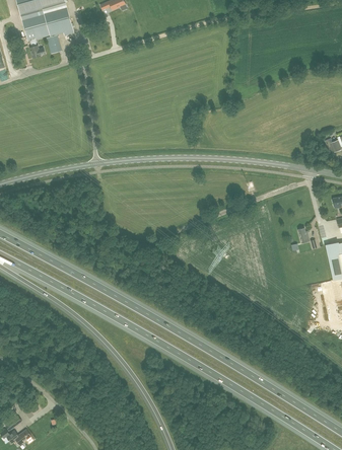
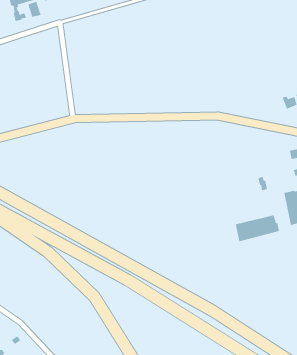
building: none -> [235,214,280,242]

